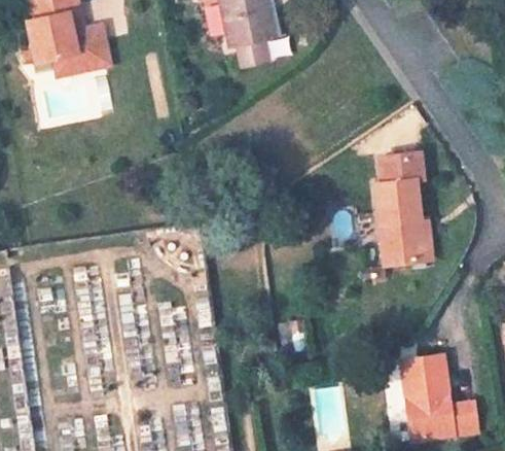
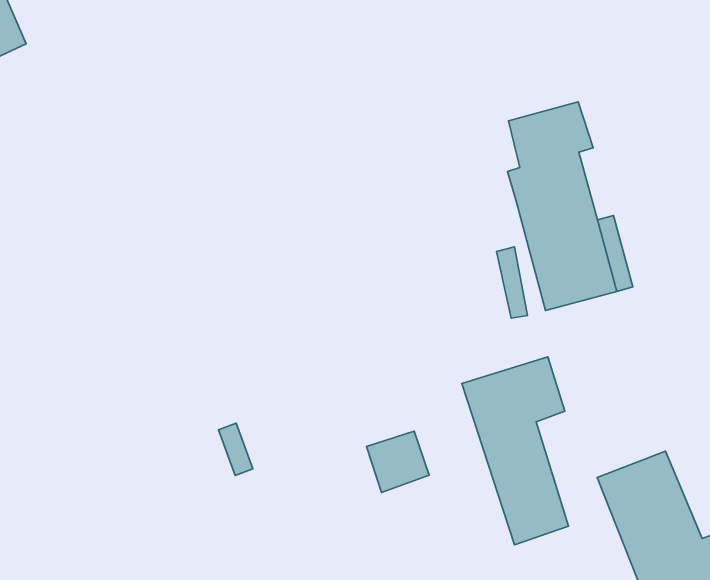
building: none -> [462,357,569,545]

